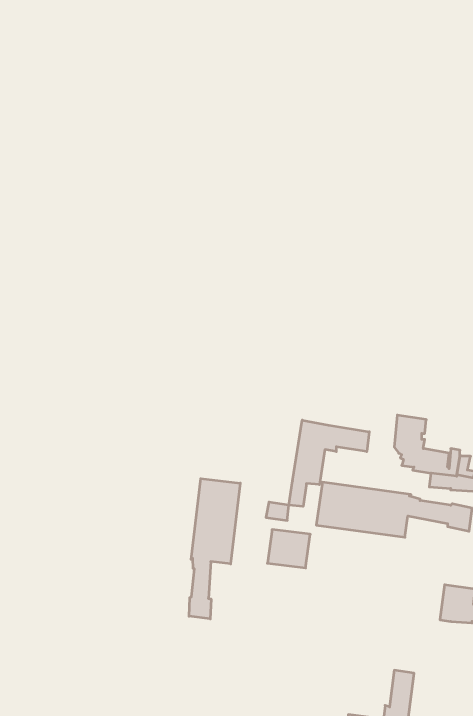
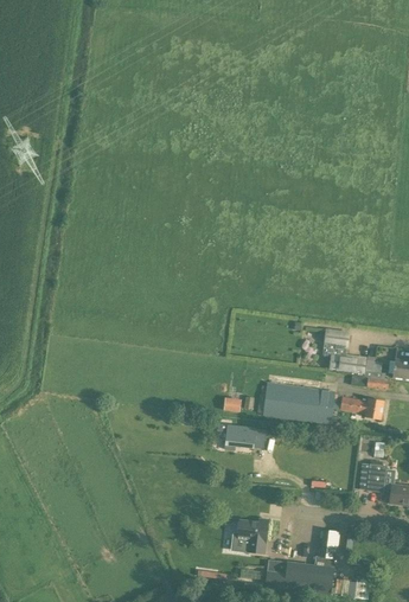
building: [289,420,369,506] -> none
building: [189,479,240,619] -> none
building: none -> [237,519,268,553]

